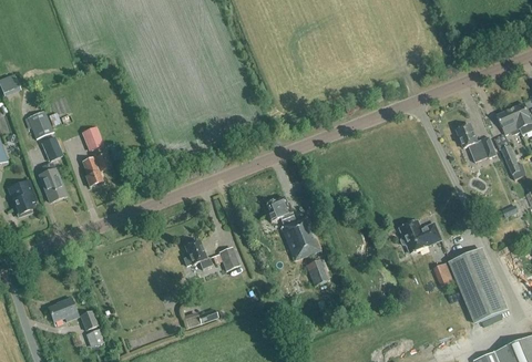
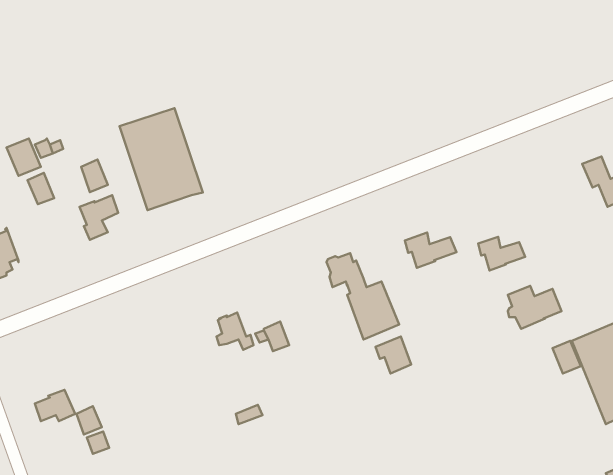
building: none -> [120,108,203,210]
building: [39,162,64,201] -> none
building: none -> [405,233,457,268]
building: none -> [478,237,525,270]

